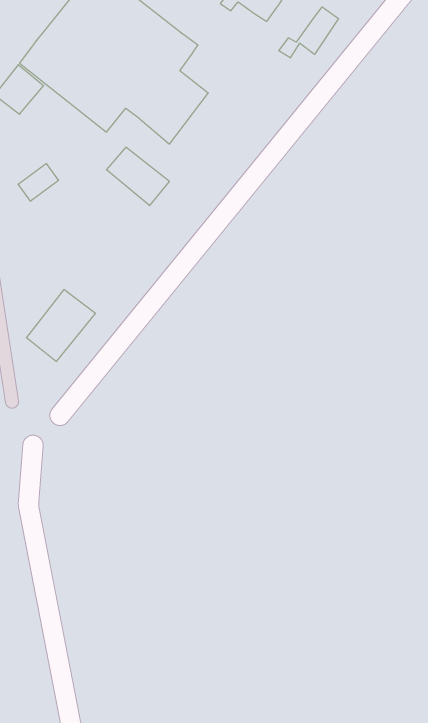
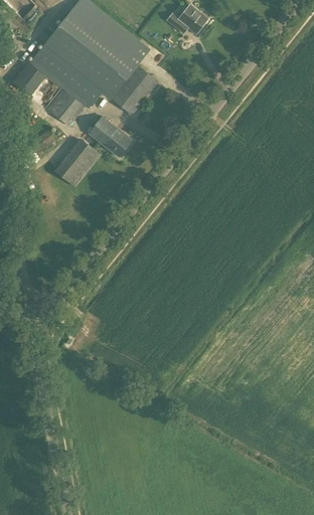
building: [279,7,339,58] -> none
building: none -> [46,89,85,126]
building: [26,290,95,361] -> [54,139,101,187]

